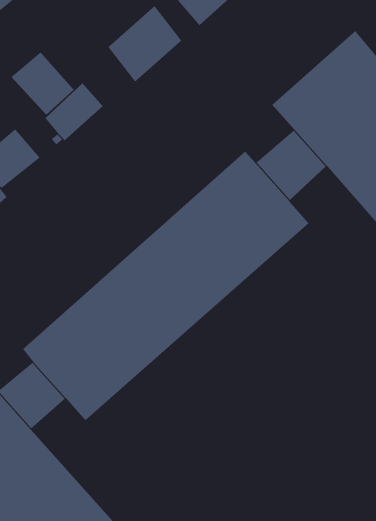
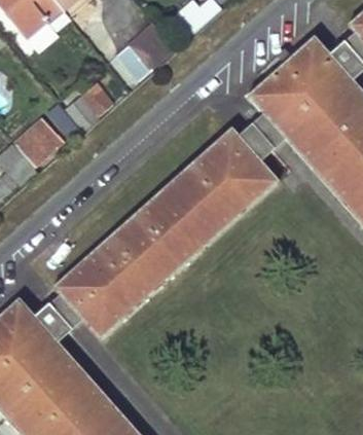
building: [11,52,75,116] -> none

